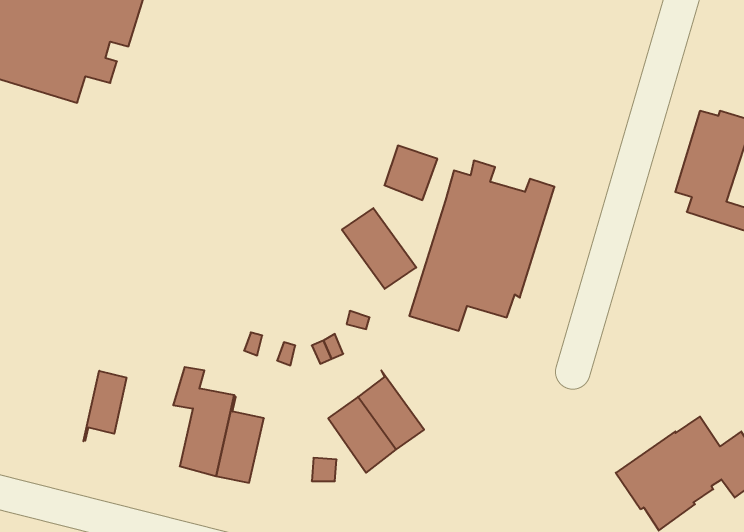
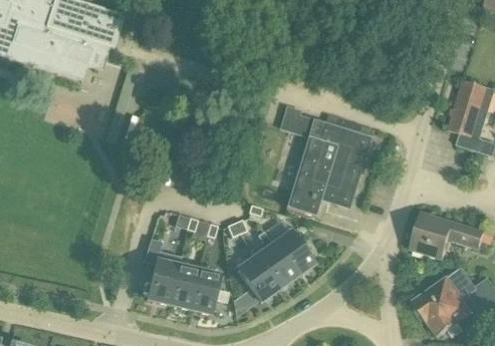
building: [342,208,416,289] -> [269,228,314,277]
building: none -> [410,213,484,260]
building: [83,371,126,441] -> none
building: none -> [189,270,220,314]

